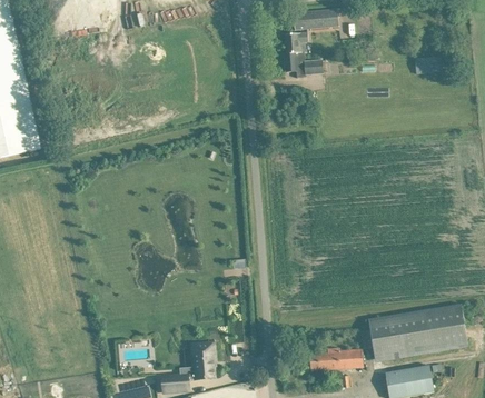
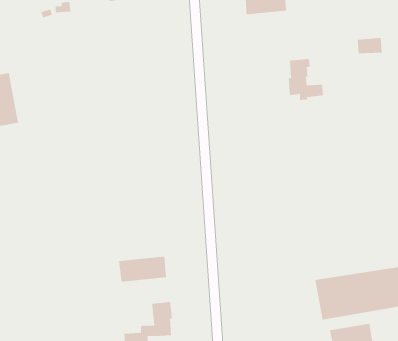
building: [284,31,323,77] -> [288,58,324,101]
building: none -> [119,256,166,282]
building: [309,348,363,369] -> none

